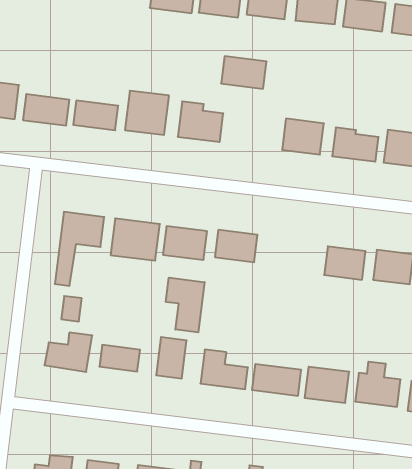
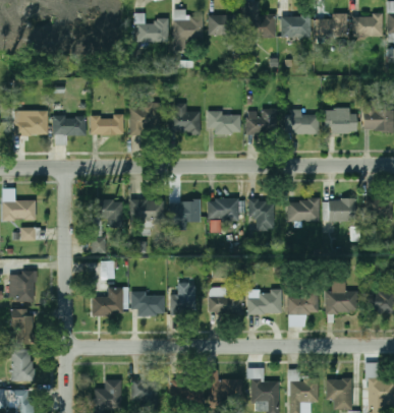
building: [221,56,267,89] -> [209,113,240,133]
building: none -> [247,196,277,230]
building: [166,278,205,332] -> none

